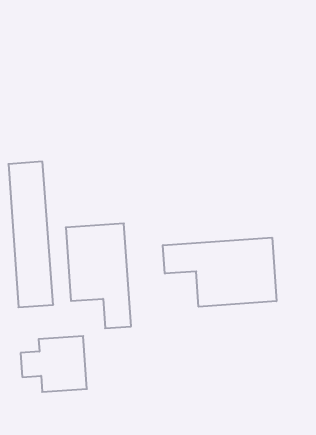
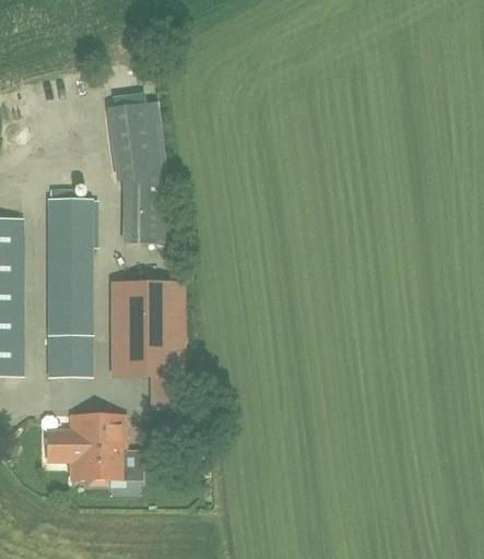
building: none -> [105,102,167,243]
building: [163,238,276,307] -> none

